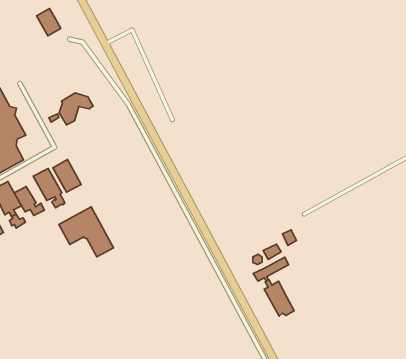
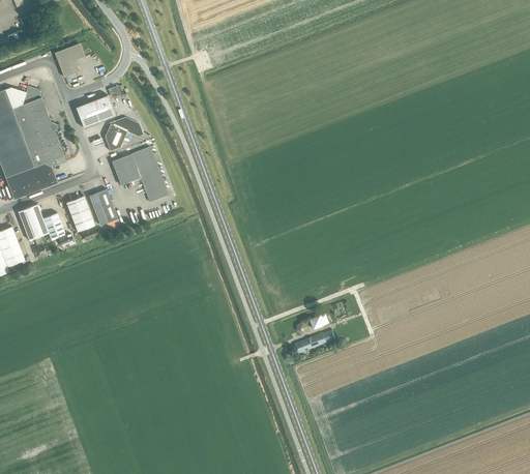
building: [37,9,61,36] -> [54,47,79,77]
building: none -> [75,95,114,127]
building: [59,207,113,257] -> [111,146,168,202]
building: [264,280,294,316] -> none

